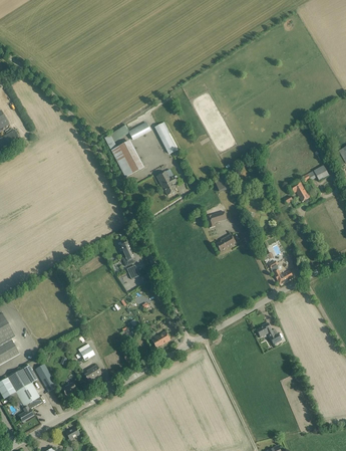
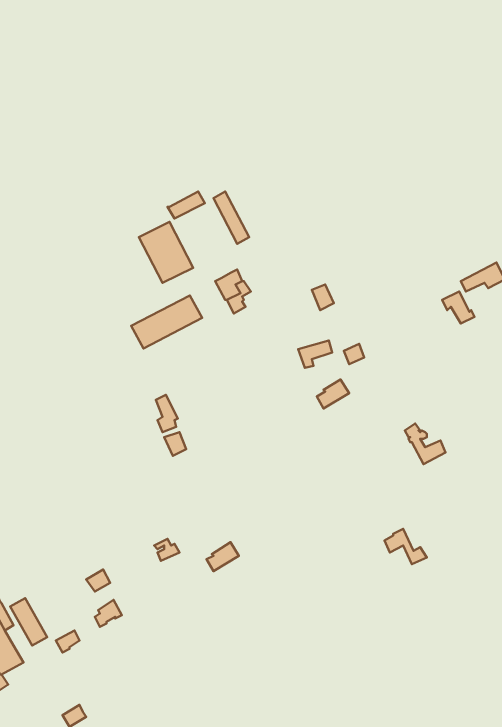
building: none -> [131,295,202,348]

